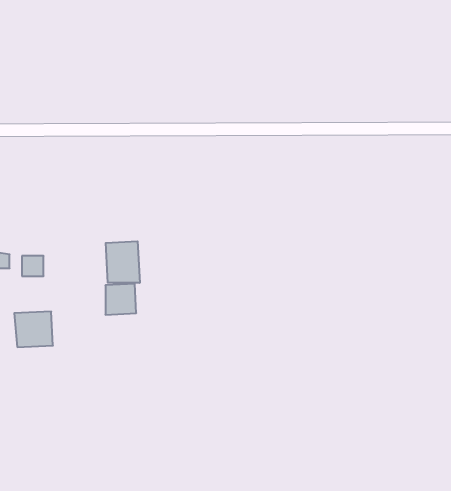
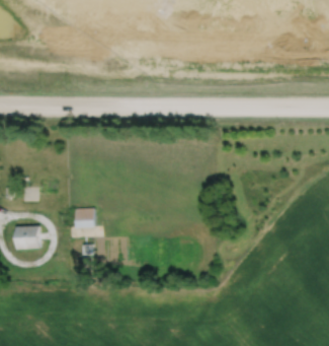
building: [106,241,140,283] -> none

